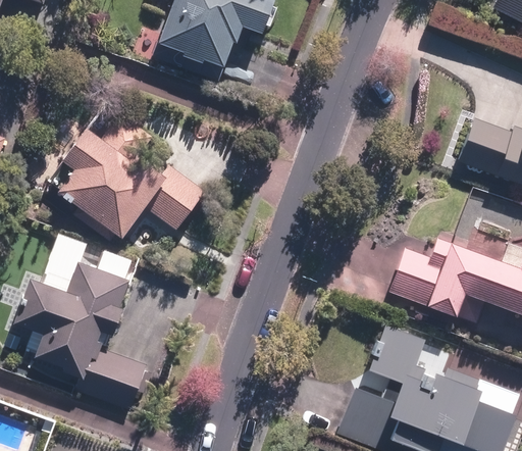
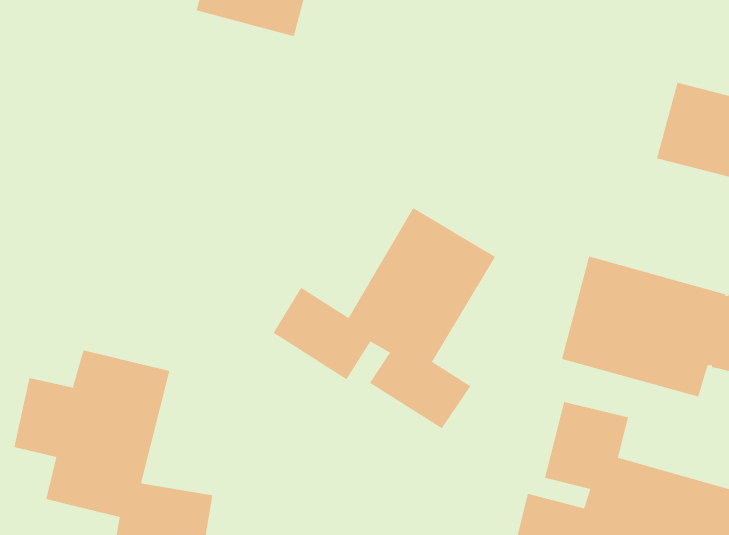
building: [60,109,205,238] -> none
building: none -> [273,207,496,429]

